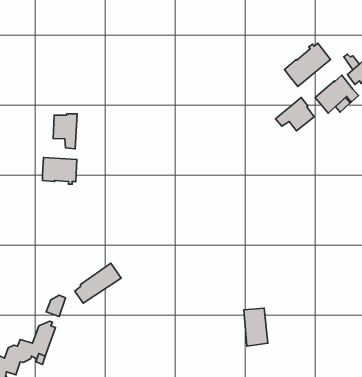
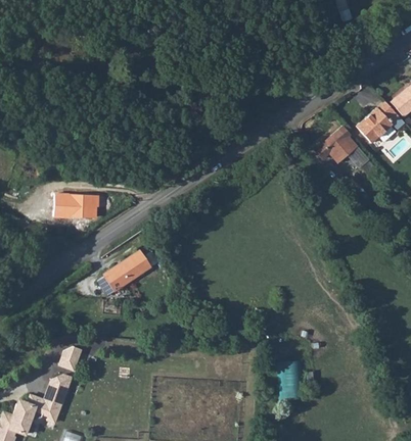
building: [285,43,331,86] -> none
building: [53,114,77,149] -> none
building: [75,263,121,303] -> [98,252,149,296]

